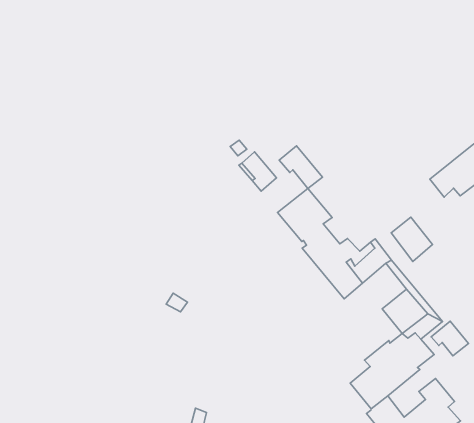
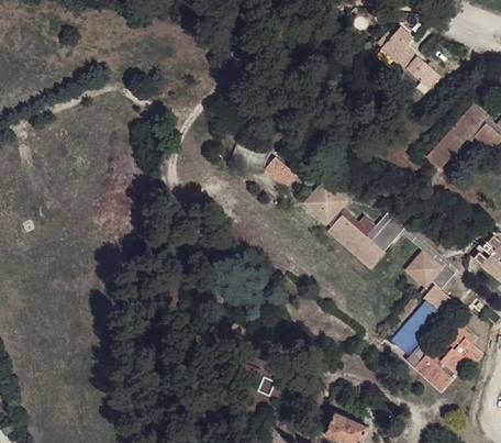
building: none -> [381,31,444,96]
building: [279,146,322,188] -> none
building: [391,217,433,261] -> none
building: [431,321,469,356] -> none

